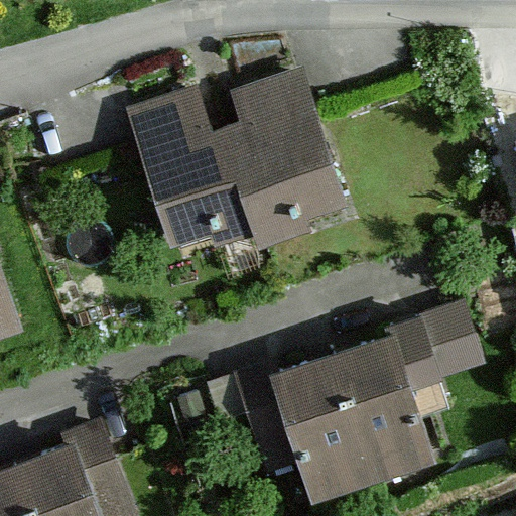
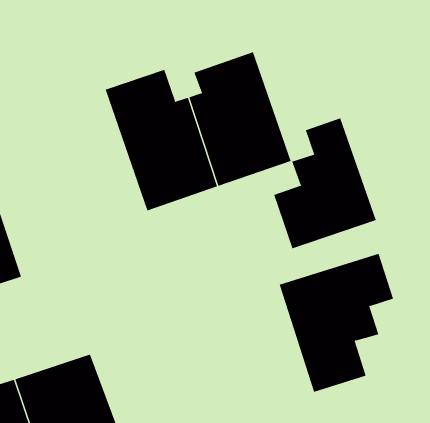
building: none -> [273,118,376,249]
building: [231,350,374,502] -> none

